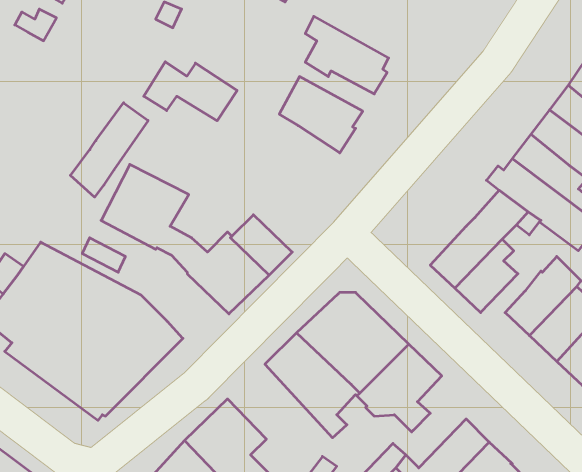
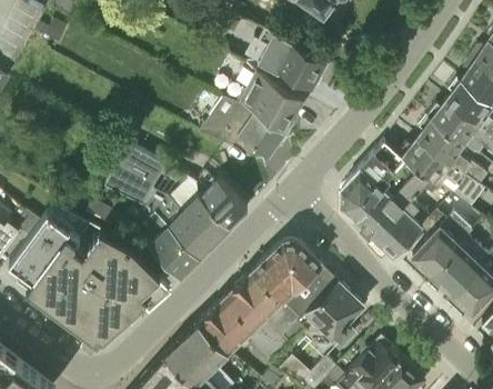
building: [144,62,237,121] -> [211,112,283,158]
building: [70,103,148,197] -> none
building: none -> [340,146,406,221]
building: none -> [147,228,198,278]
building: none -> [197,298,278,366]

